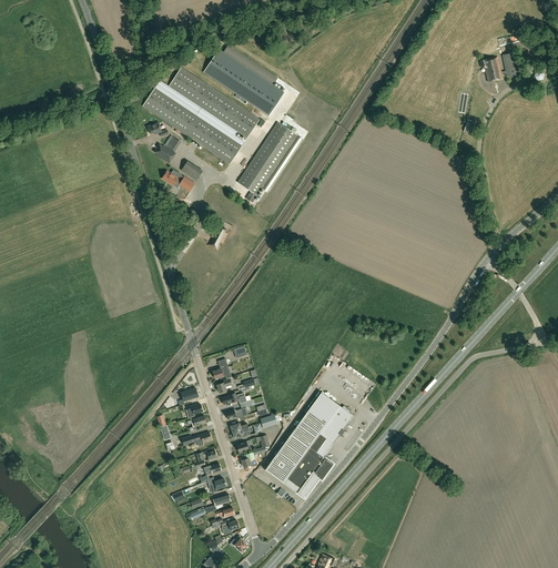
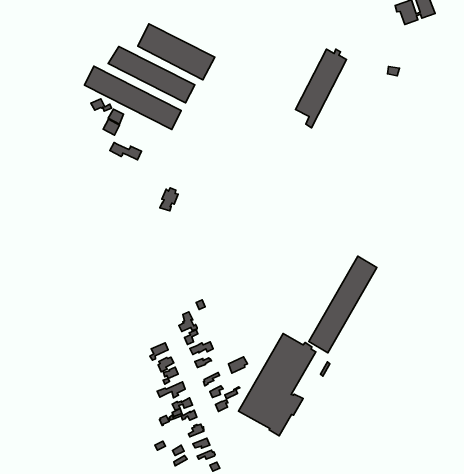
building: [237,122,297,203] -> [296,49,347,128]
building: none -> [309,256,377,353]

